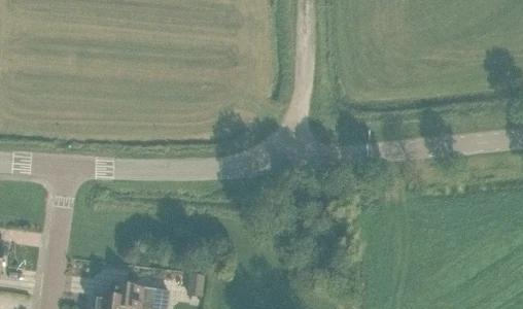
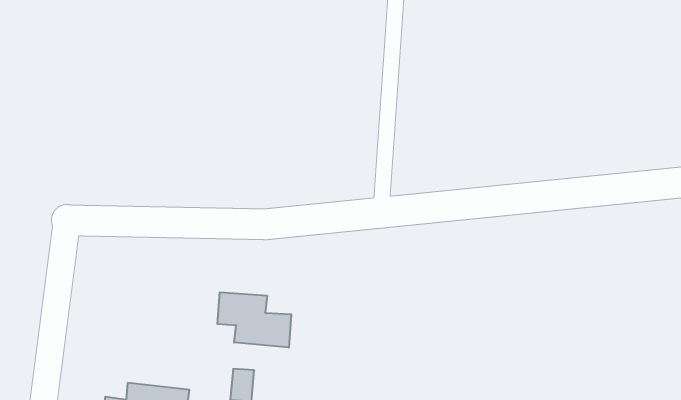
building: none -> [217,292,291,348]

